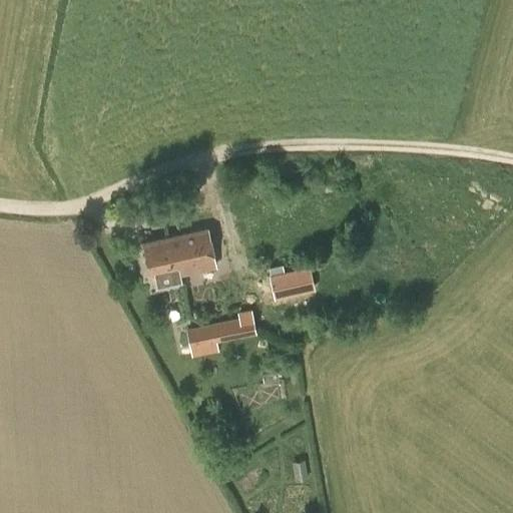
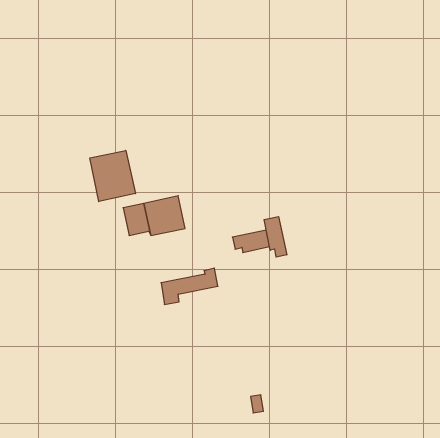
building: none -> [90,150,135,202]
building: none -> [264,217,287,257]

